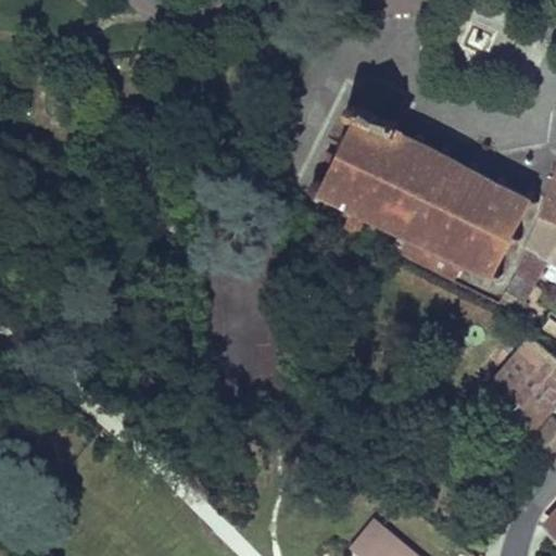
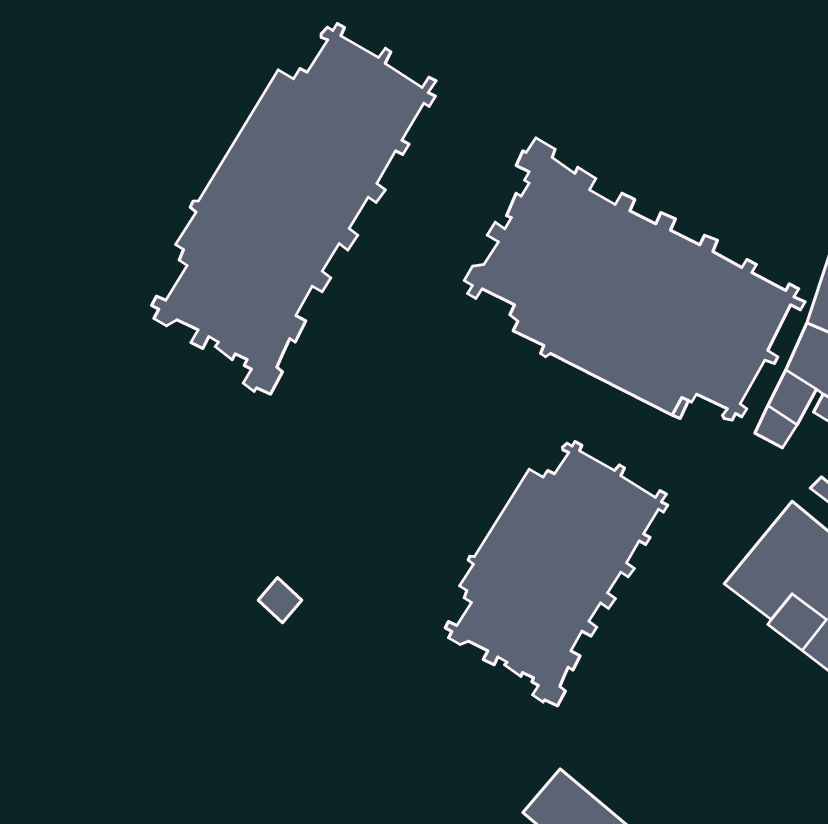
building: none -> [152,24,436,394]
building: none -> [445,441,668,706]

